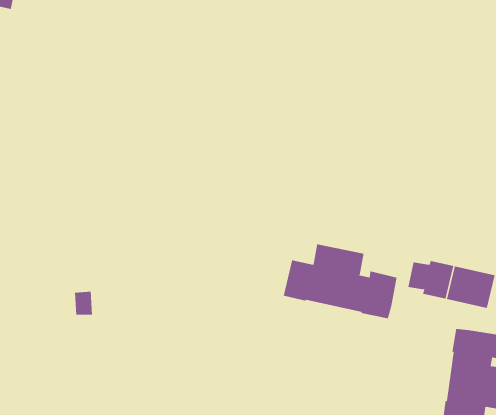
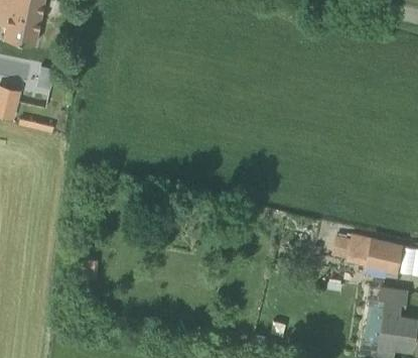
building: [283,243,397,319] -> none

